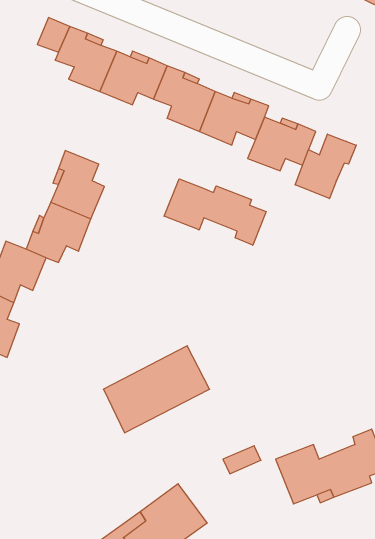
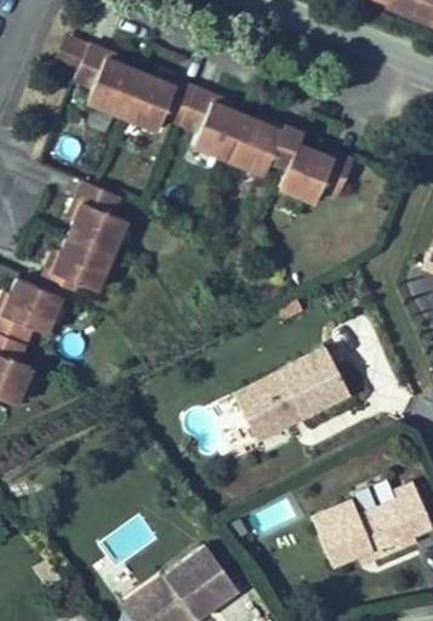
building: [295,134,356,199] -> none
building: [164,179,266,245] -> none
building: [103,346,210,433] -> [233,346,348,440]

